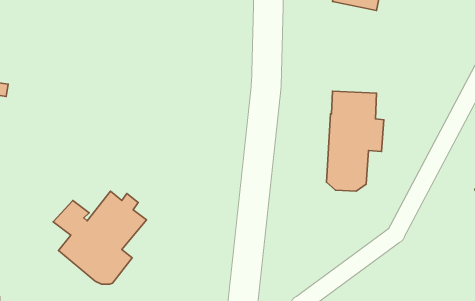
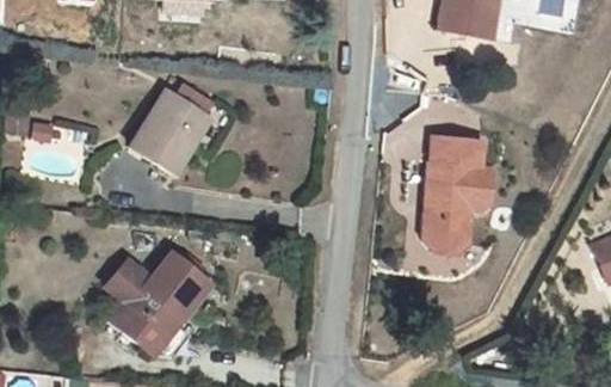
building: none -> [131,81,215,177]

